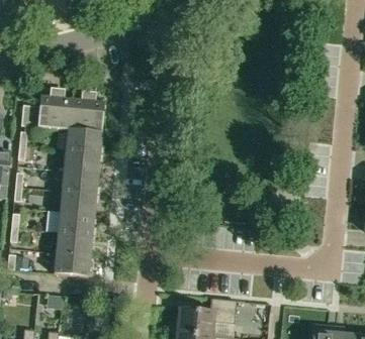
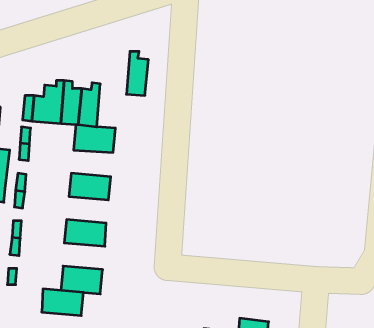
building: [85,95,104,133] -> [126,51,148,95]
building: [63,152,99,176] -> none
building: [59,193,95,216] -> none
building: [56,233,92,256] -> [42,289,84,316]

